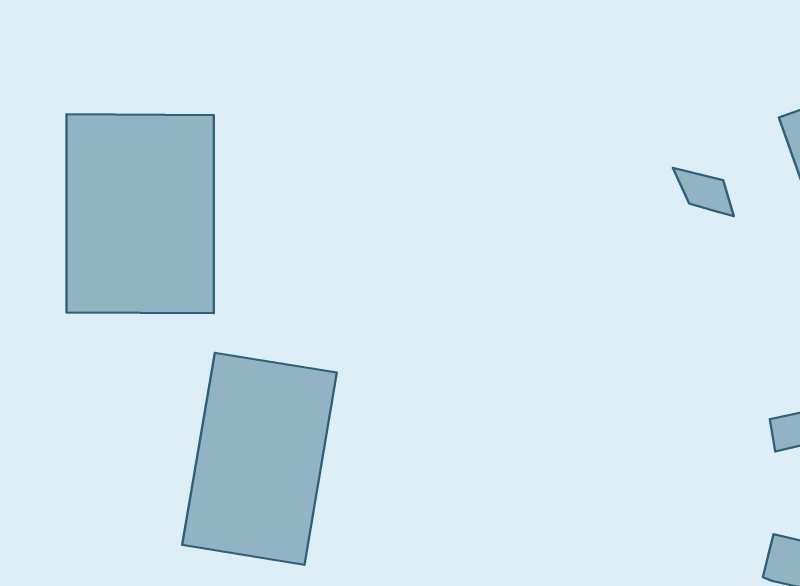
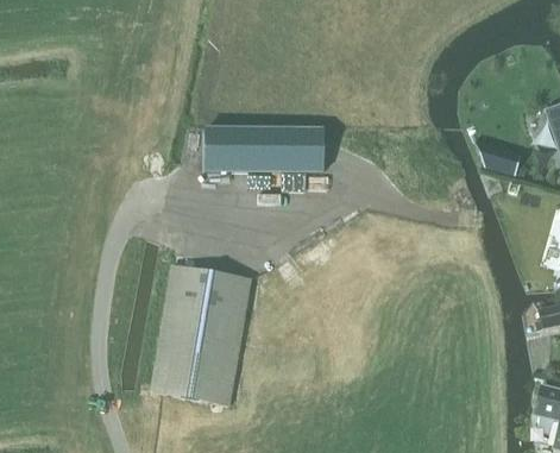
building: [66,114,214,313] -> none
building: none -> [206,128,323,171]

